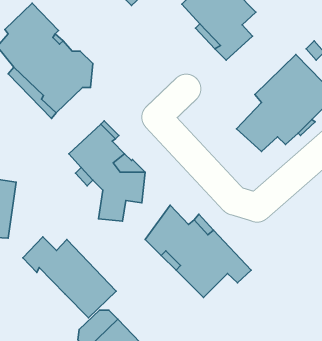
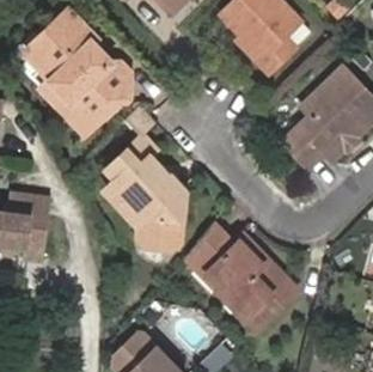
building: [23,237,116,318] -> none

